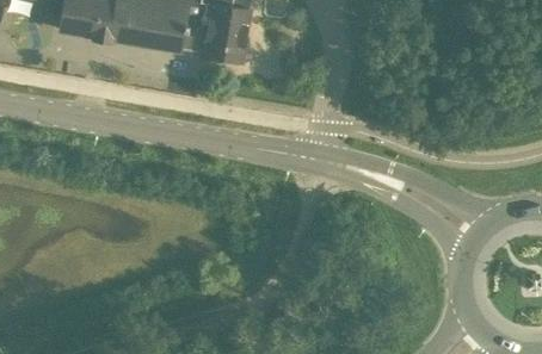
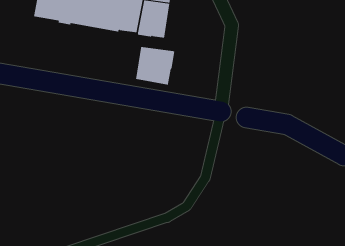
building: none -> [135,46,175,85]

